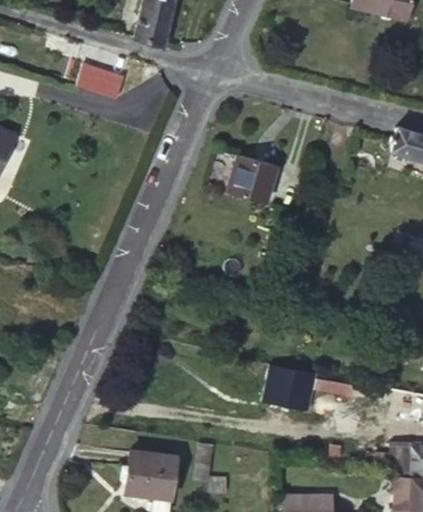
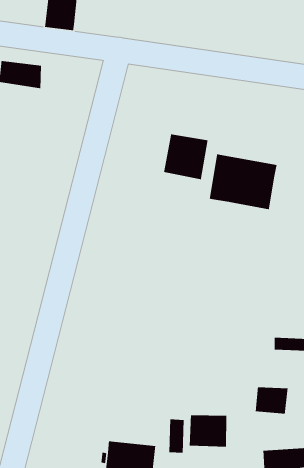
building: none -> [209,153,277,210]
building: [279,371,316,403] -> [255,386,289,414]
building: none -> [189,414,227,447]

